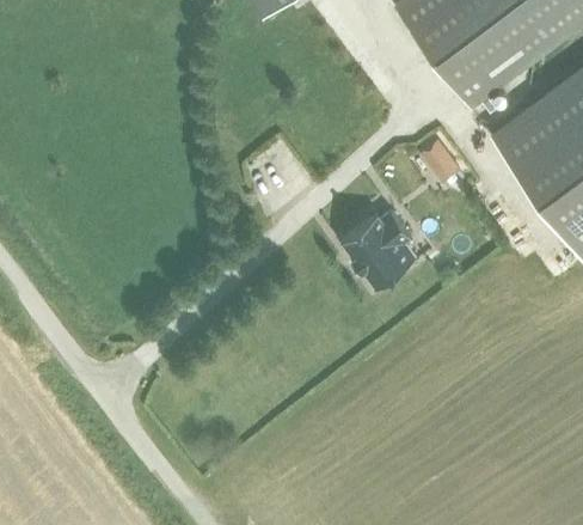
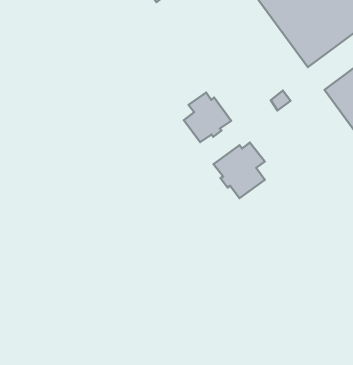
building: none -> [184,93,231,142]

